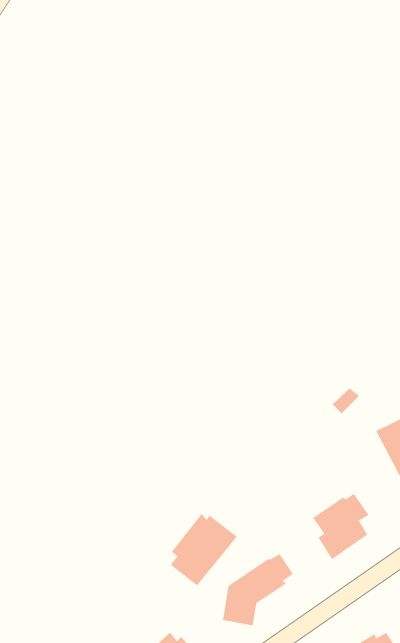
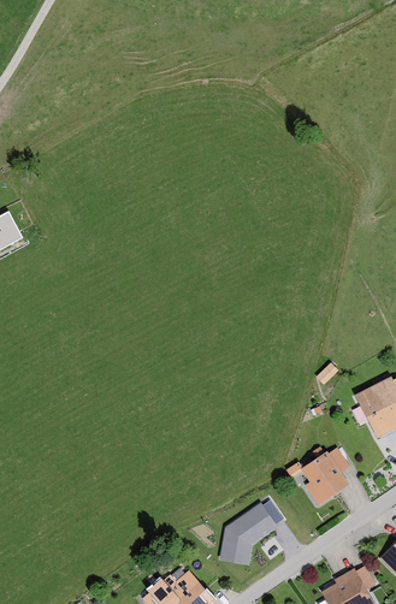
building: [170,513,238,587] -> none

